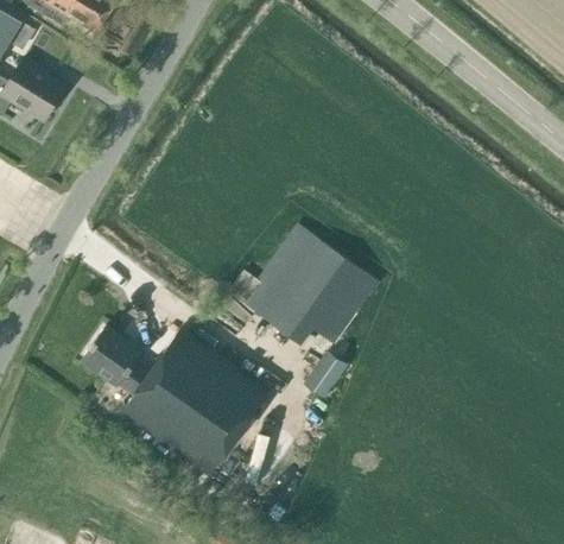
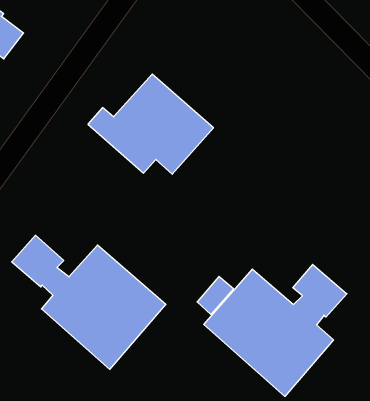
building: [228,224,378,343] -> [88,74,213,174]
building: none -> [204,264,347,396]

